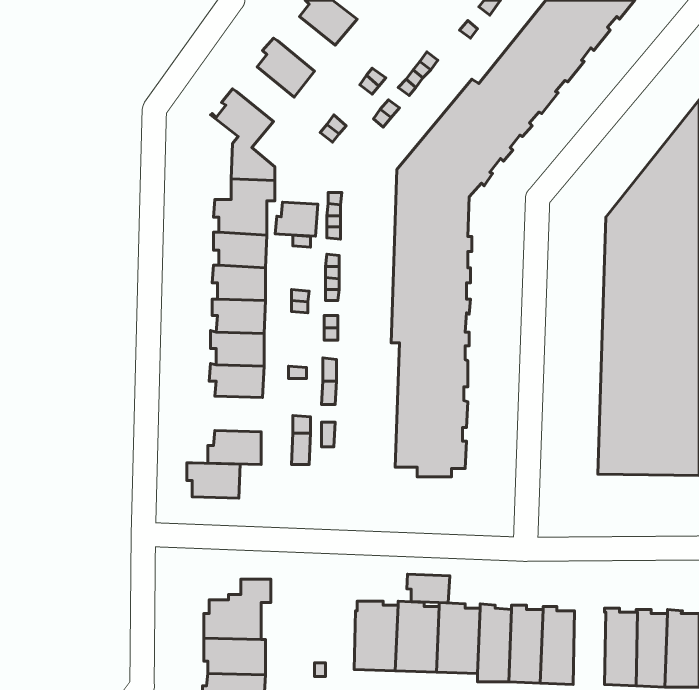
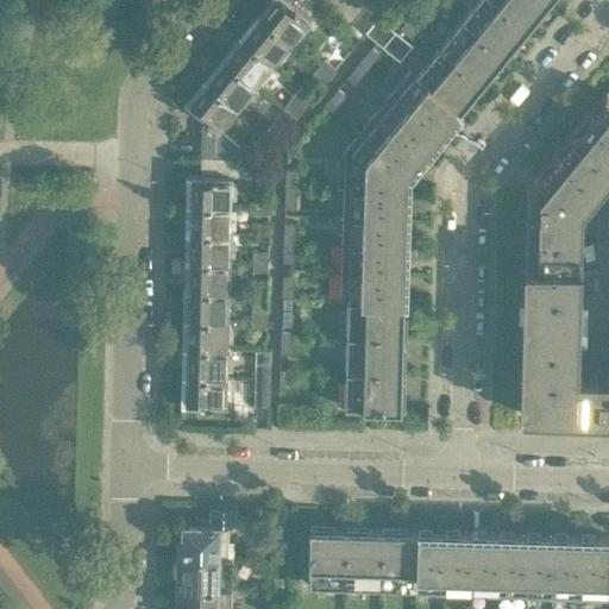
building: none -> [241,18,291,69]
building: none -> [206,62,256,113]
building: [275,202,318,236] -> none
building: [187,463,240,498] -> [182,352,228,383]
building: [407,574,450,603] -> none
building: none -> [498,535,527,603]

